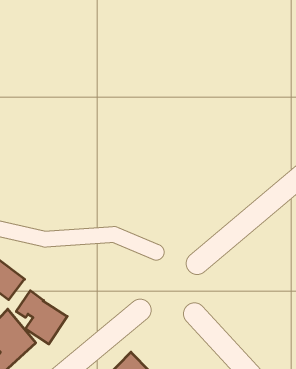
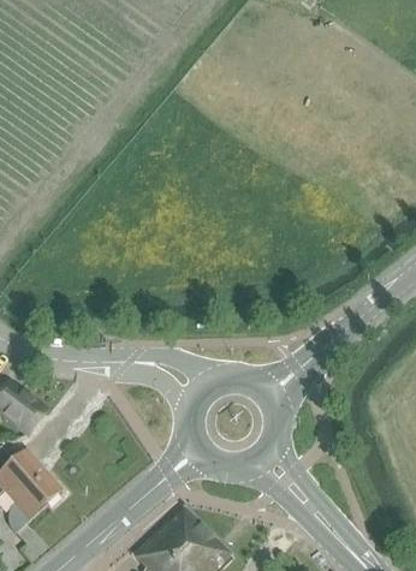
building: [16,291,67,344] -> none

